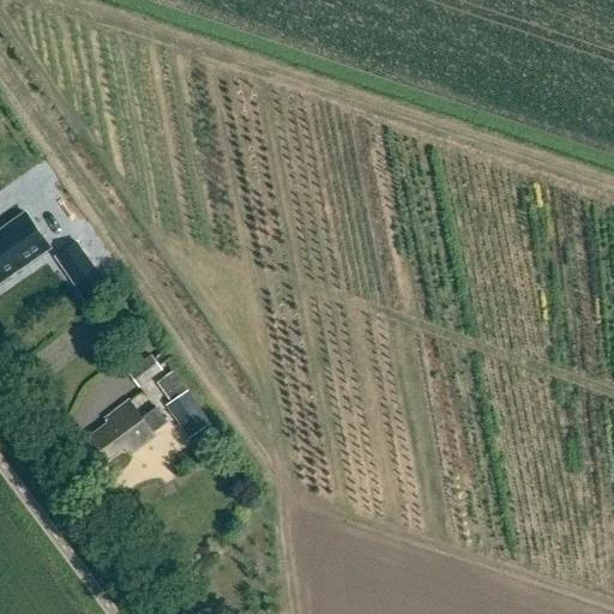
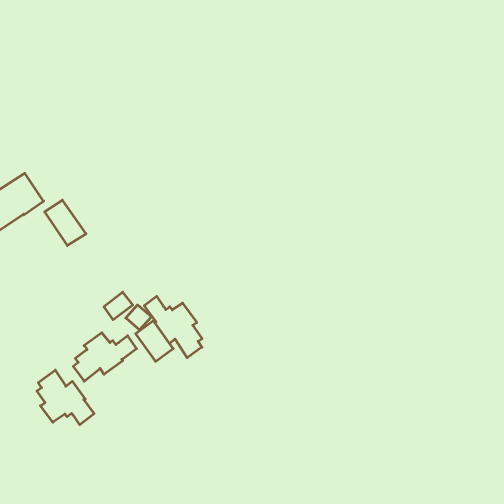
building: none -> [144,296,202,358]
building: none -> [37,370,94,425]

